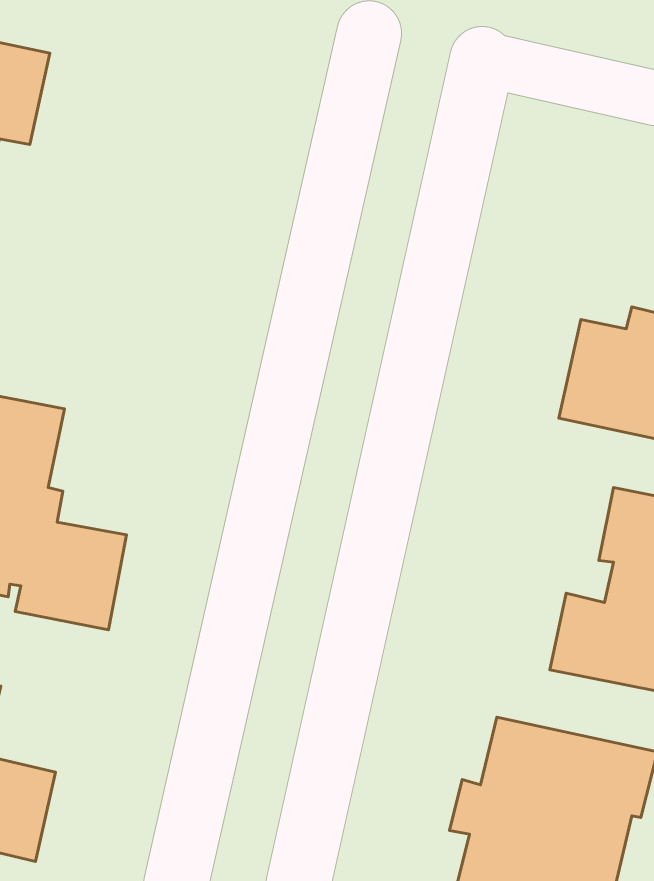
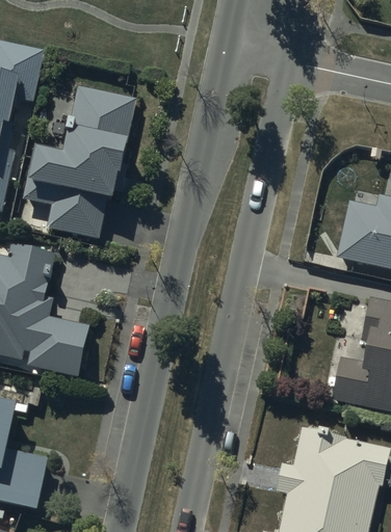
building: none -> [23,84,135,239]

